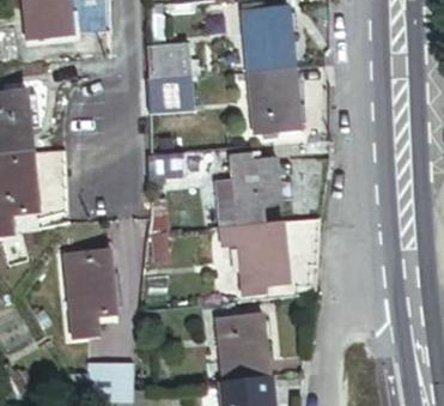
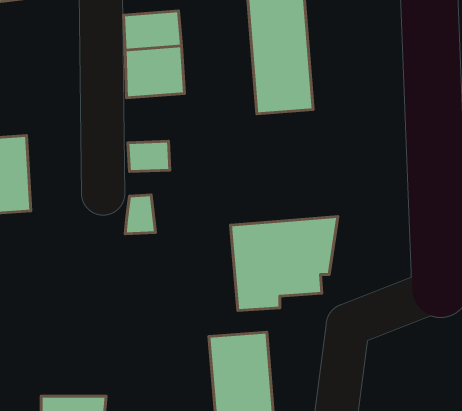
building: [211,157,279,226] -> none
building: [63,249,116,319] -> none

